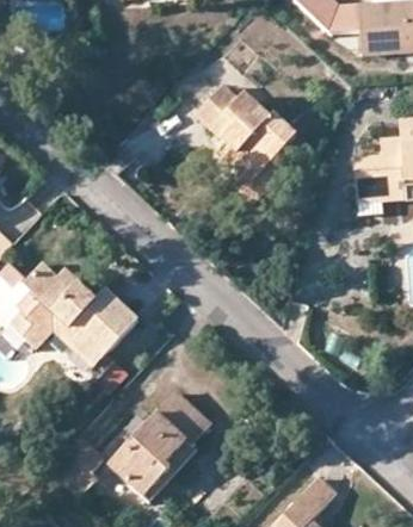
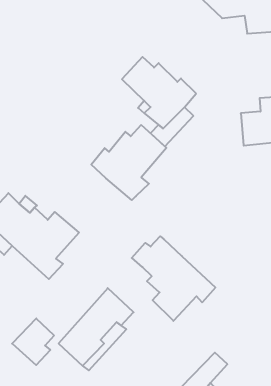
building: none -> [91,125,166,200]
building: none -> [132,236,215,321]

